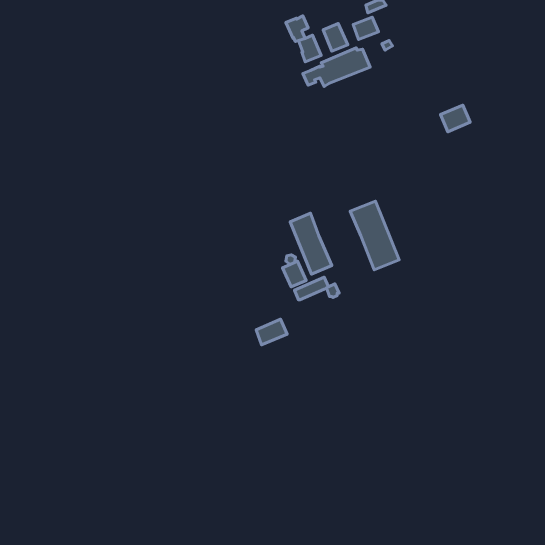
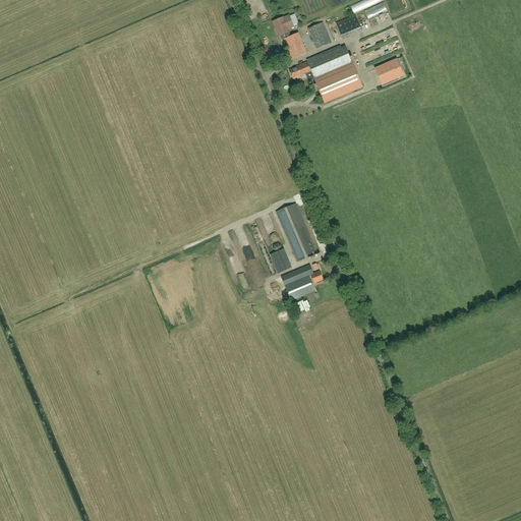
building: none -> [314,64,362,102]
building: [440,105,470,132] -> [375,59,404,84]
building: [350,201,399,270] -> none
building: [256,319,287,345] -> [286,276,315,300]

